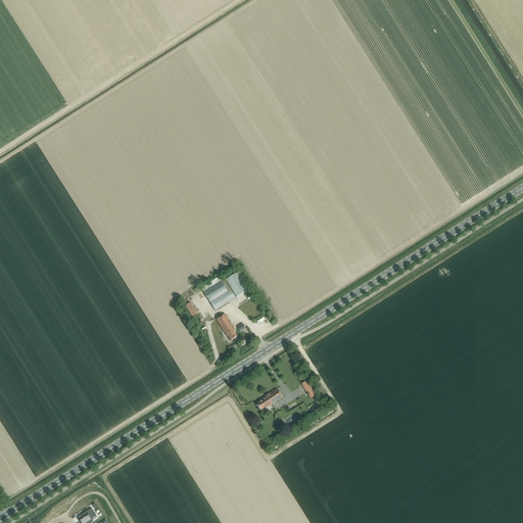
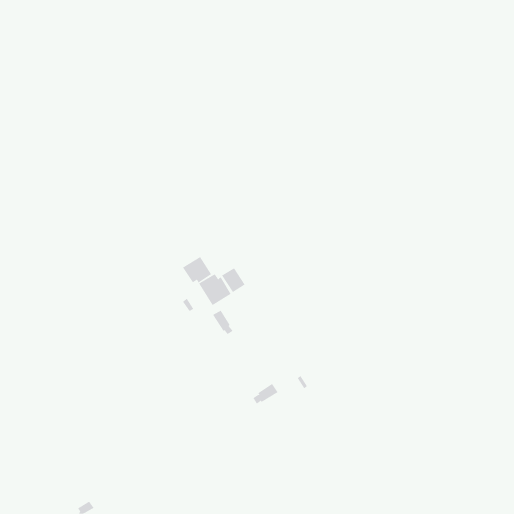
building: none -> [182,256,212,283]

